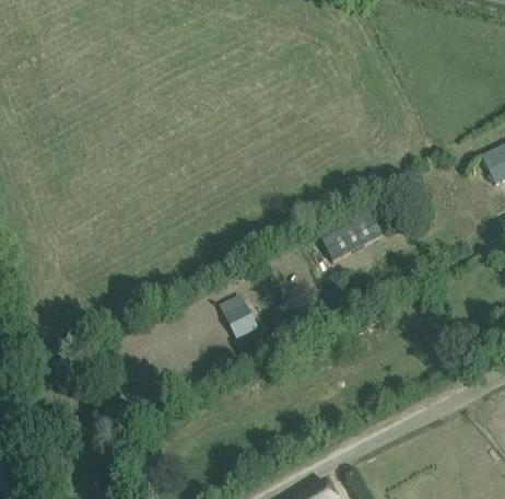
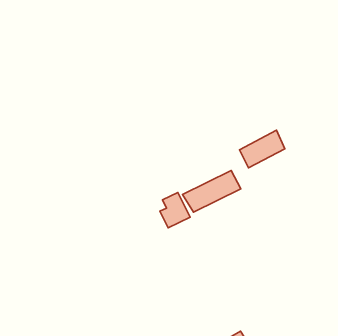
building: none -> [183,170,241,212]

